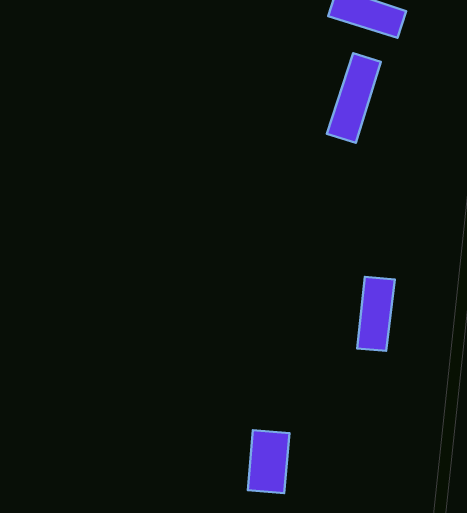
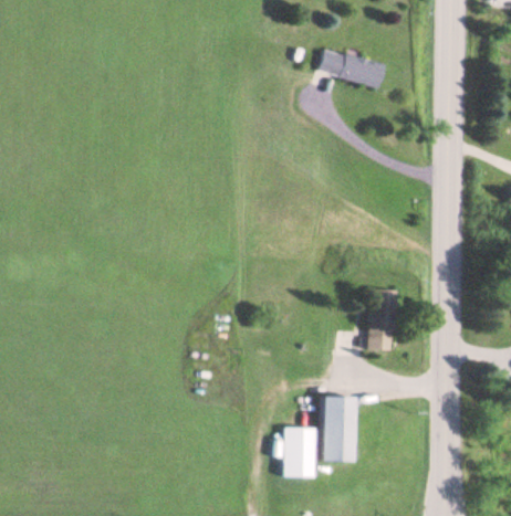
building: [327,53,381,143] -> none
building: none -> [323,396,354,462]

